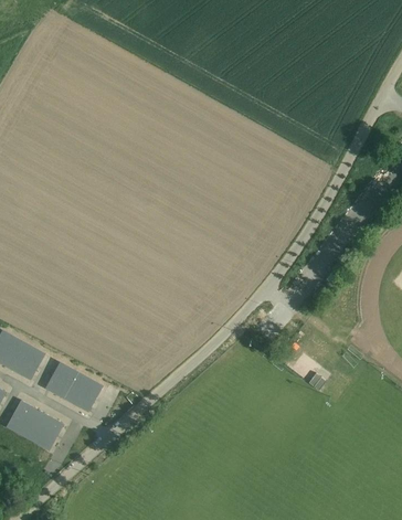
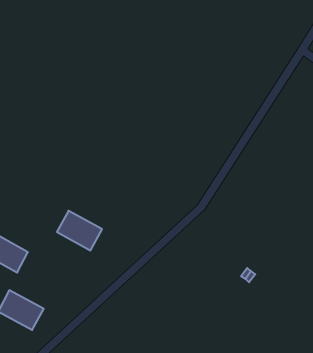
building: [45,362,102,412] -> [57,211,102,250]

